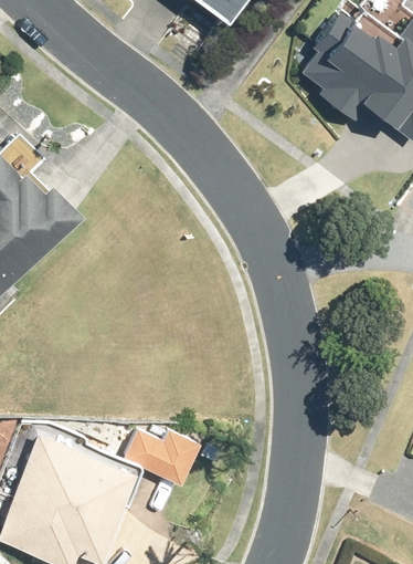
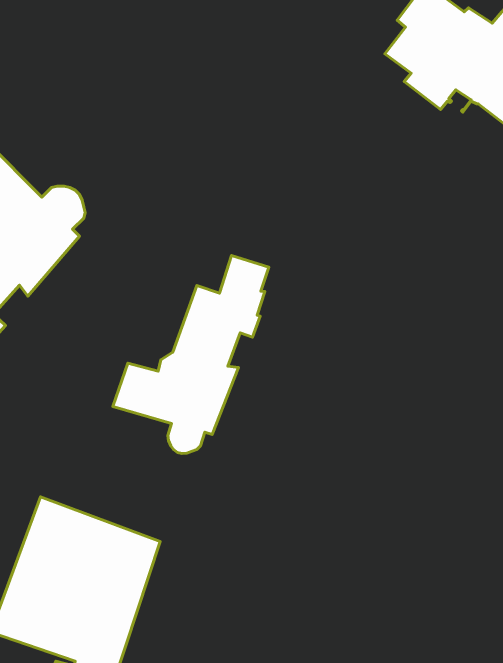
building: none -> [113,256,269,454]
building: [124,429,201,488] -> none

